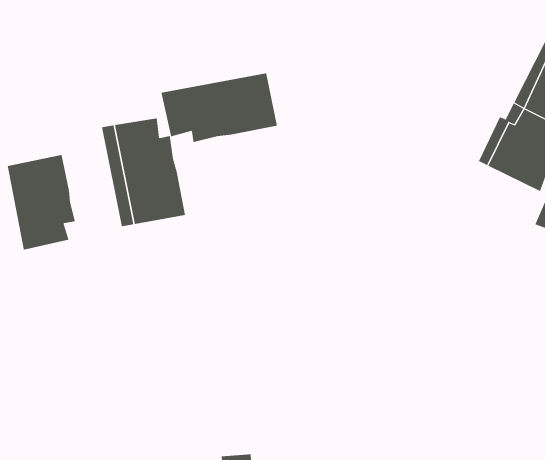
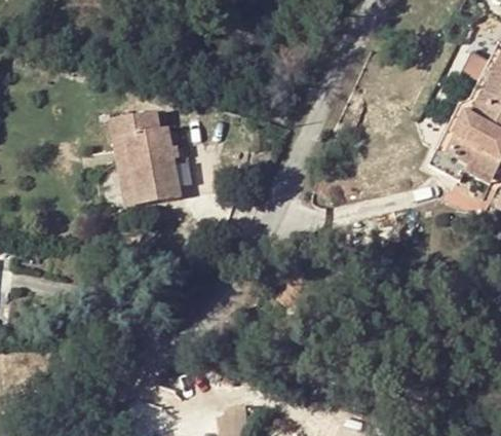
building: [161,73,278,143] -> none
building: [7,154,76,250] -> none

